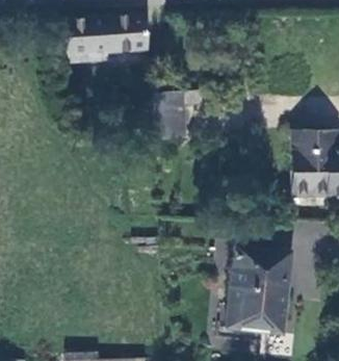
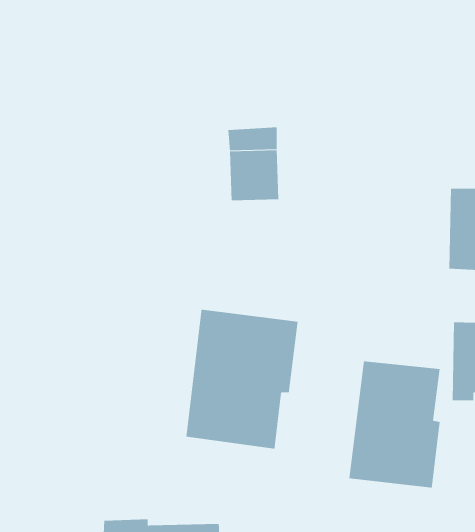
building: [62,21,147,65] -> none
building: none -> [186,309,298,449]

